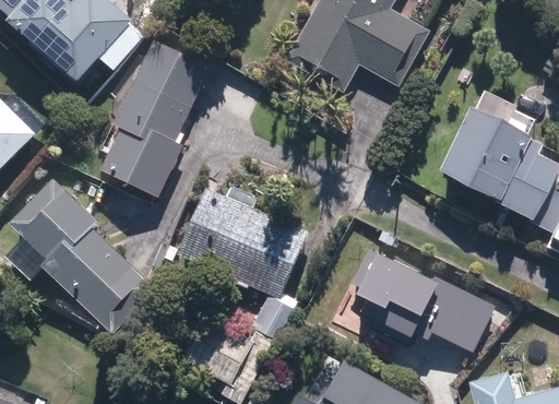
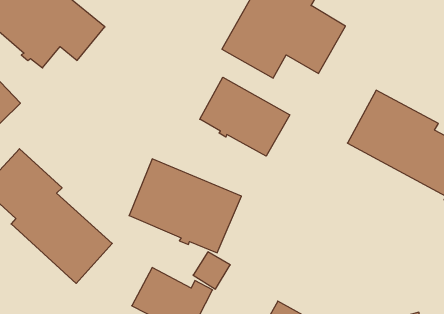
building: [97,40,210,198] -> none
building: none -> [200,77,290,156]
building: [362,243,500,347] -> none

